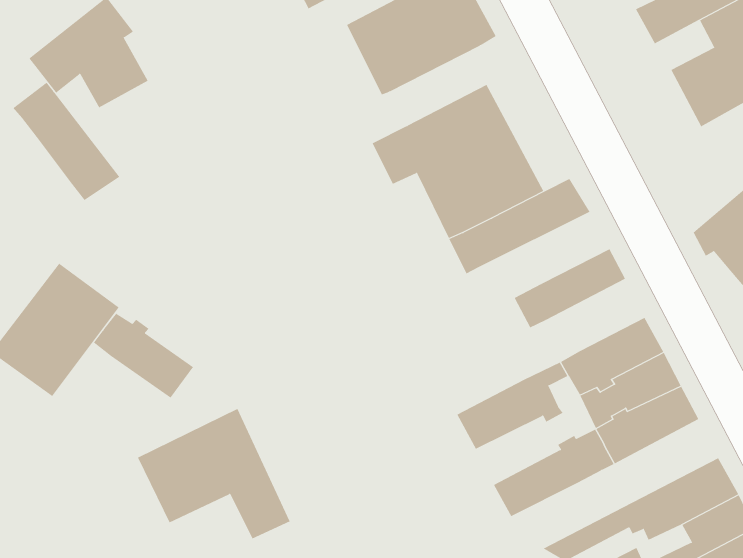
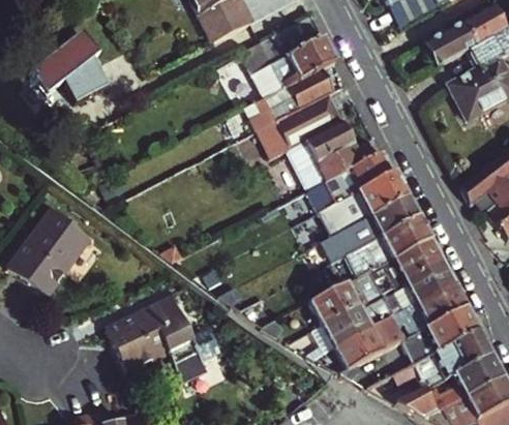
building: none -> [244,65,337,128]
building: [13,82,120,201] -> none
building: none -> [325,173,410,233]
building: none -> [341,216,432,281]
building: [93,313,194,398] -> none
building: none -> [323,292,400,350]
building: none -> [405,307,480,364]

